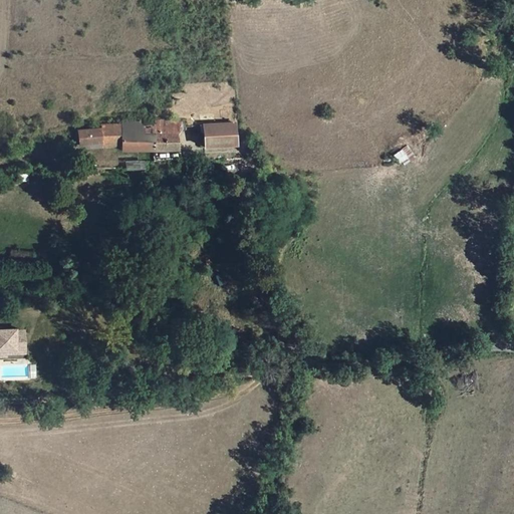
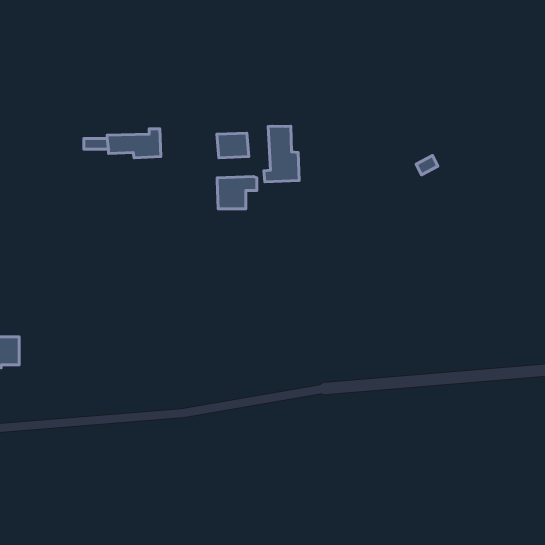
building: [150,119,187,150] -> [217,177,257,209]
building: none -> [264,126,299,182]

